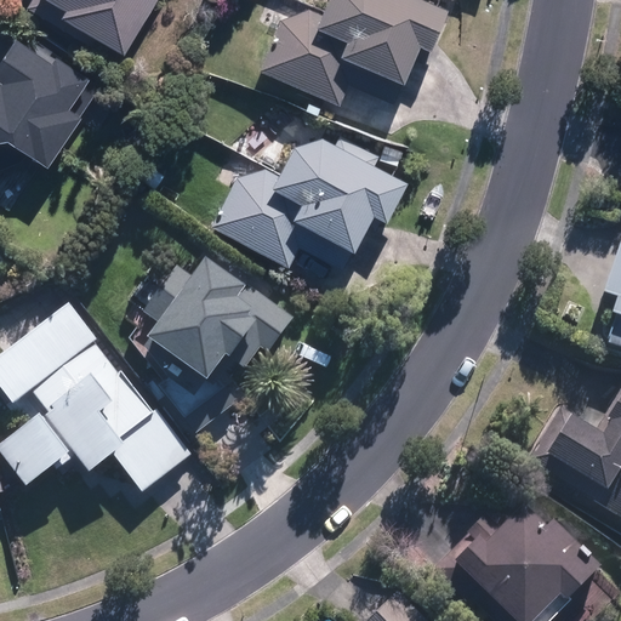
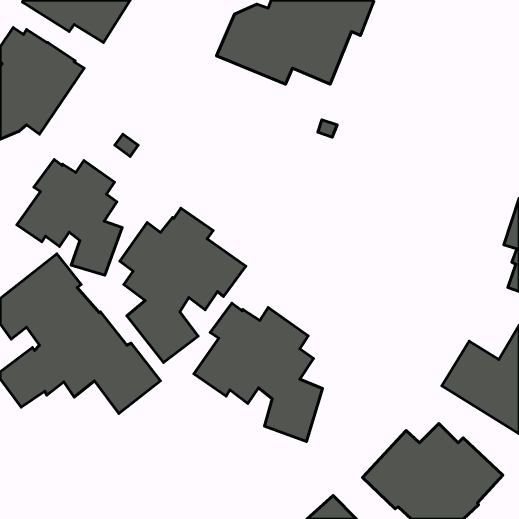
building: [211,131,409,268] -> none
building: none -> [17,160,122,275]
building: none -> [194,303,323,441]

